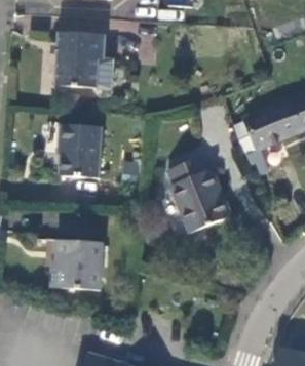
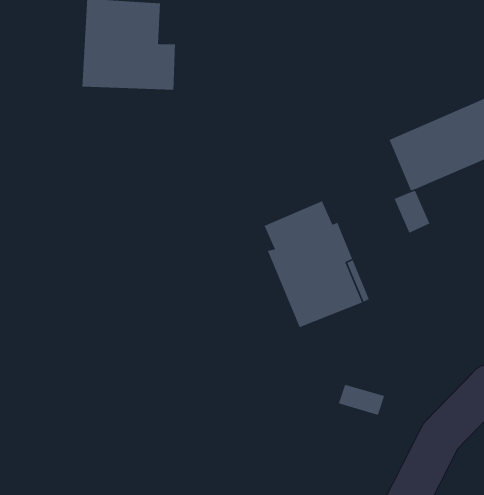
building: [58,124,102,177] -> none
building: [50,239,101,289] -> none

